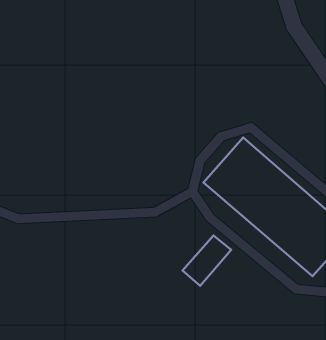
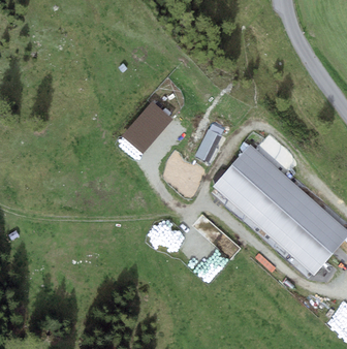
building: none -> [121,101,172,154]
building: none -> [193,125,223,165]

